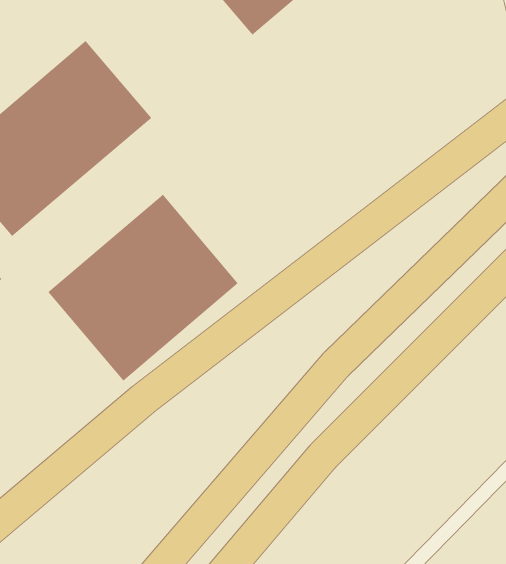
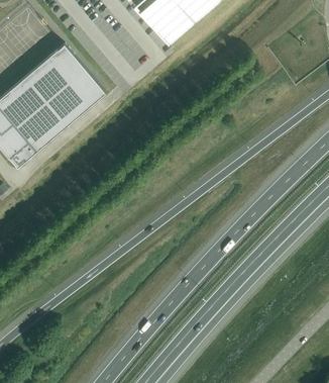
building: [48,194,239,381] -> none

